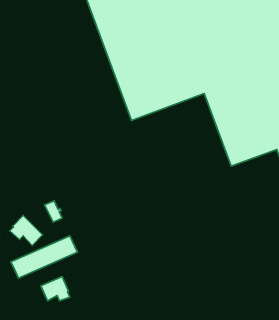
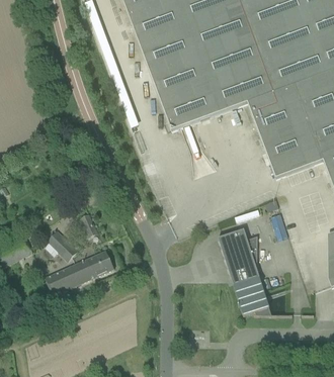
building: none -> [218,226,291,313]
building: [41,276,70,301] -> none

